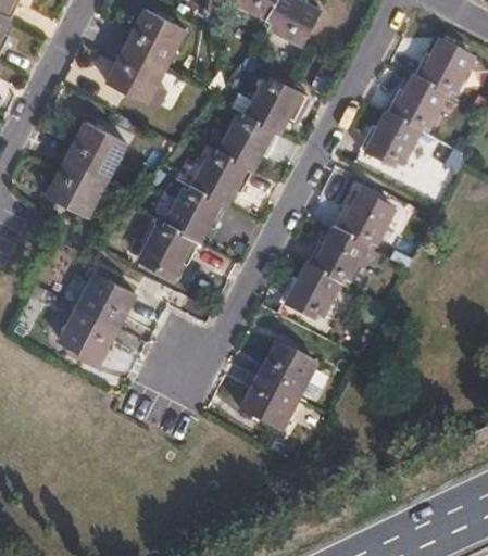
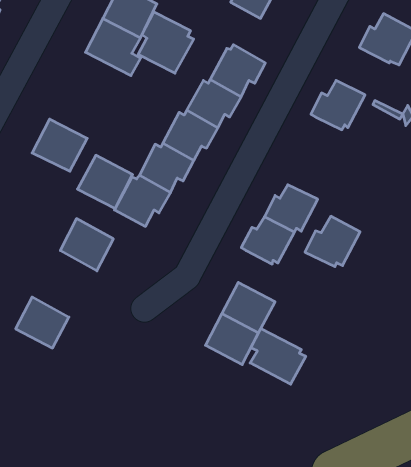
building: none -> [138,12,194,73]
building: [386,77,446,131] -> none
building: [64,119,126,179] -> [77,155,133,208]
building: [331,191,393,248] -> [305,216,360,267]
building: [58,305,117,363] -> [16,297,69,348]
building: none -> [250,328,306,384]

